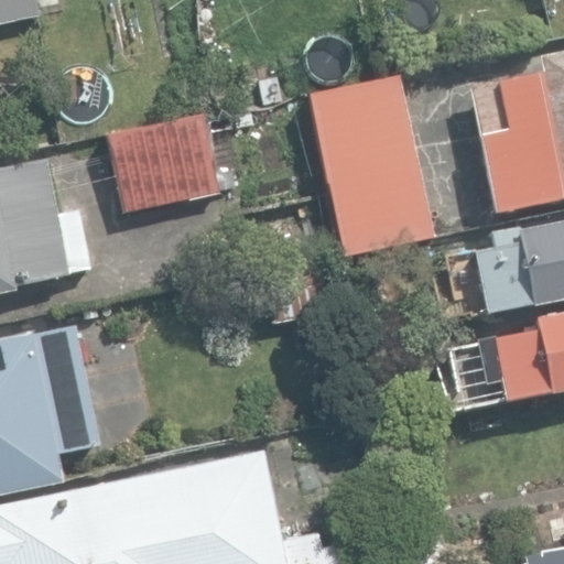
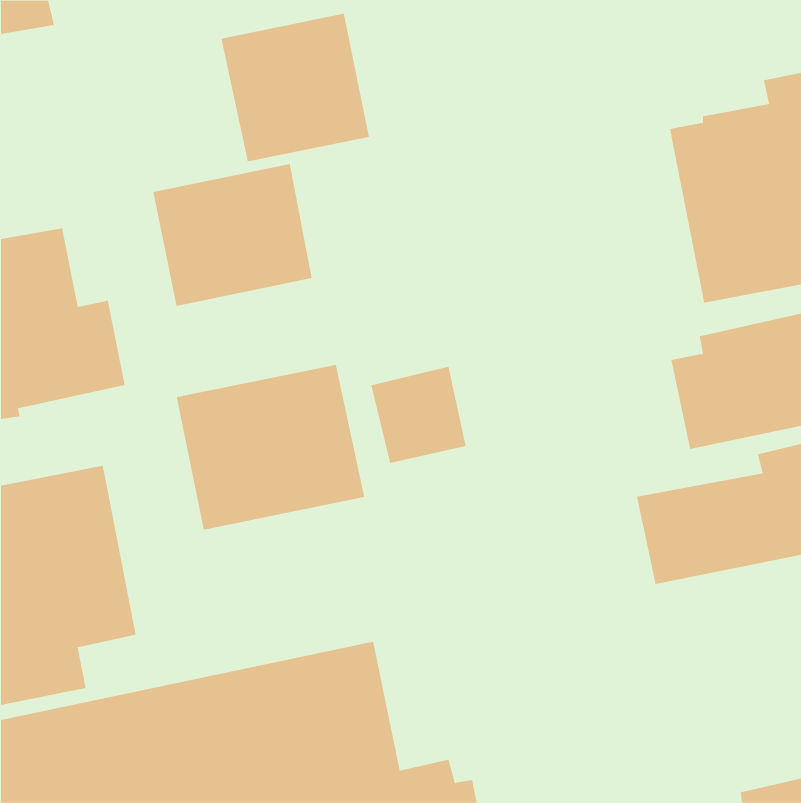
building: none -> [221,13,369,162]
building: [308,76,432,257] -> none
building: none -> [176,364,365,530]

